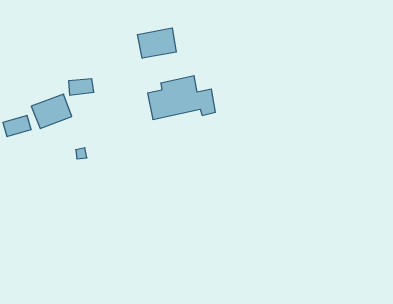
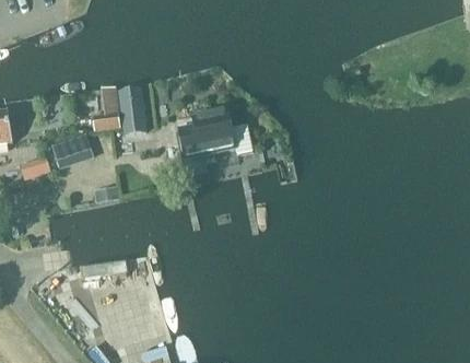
building: [137,28,176,58] -> none
building: none -> [118,97,145,133]

